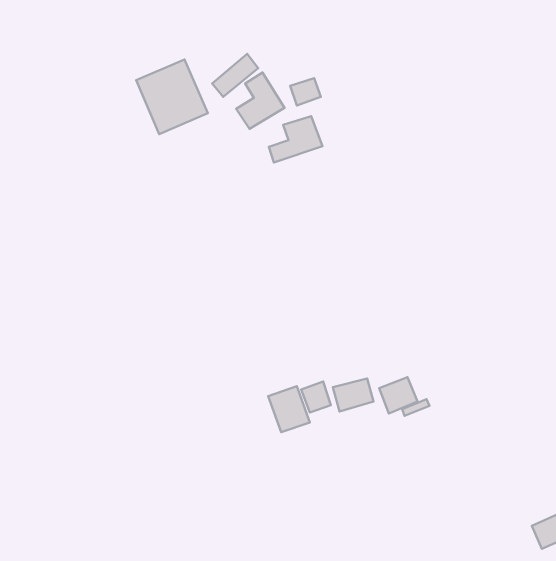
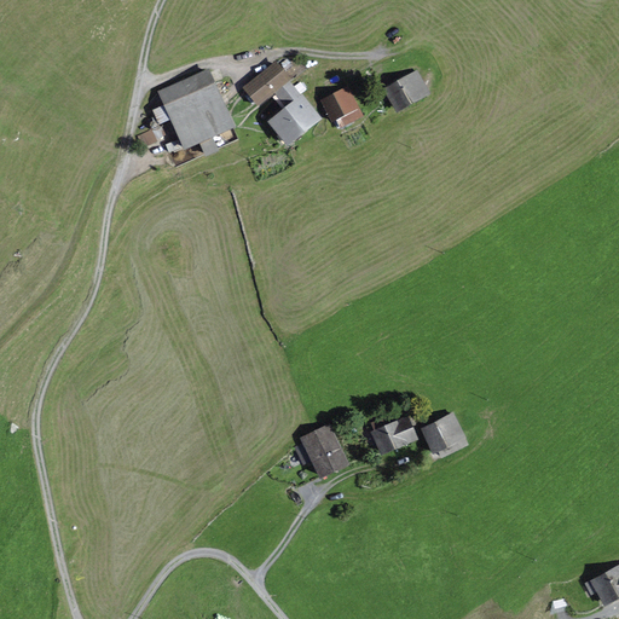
building: none -> [384,75,426,112]
building: [269,116,322,162] -> none
building: [301,381,331,413] -> none

